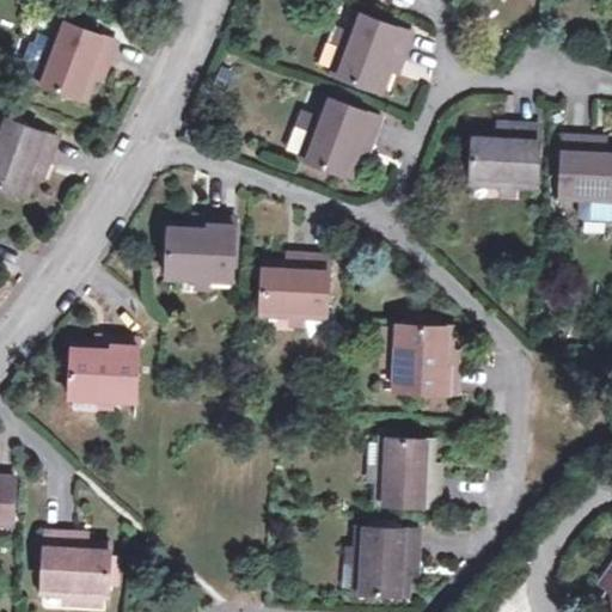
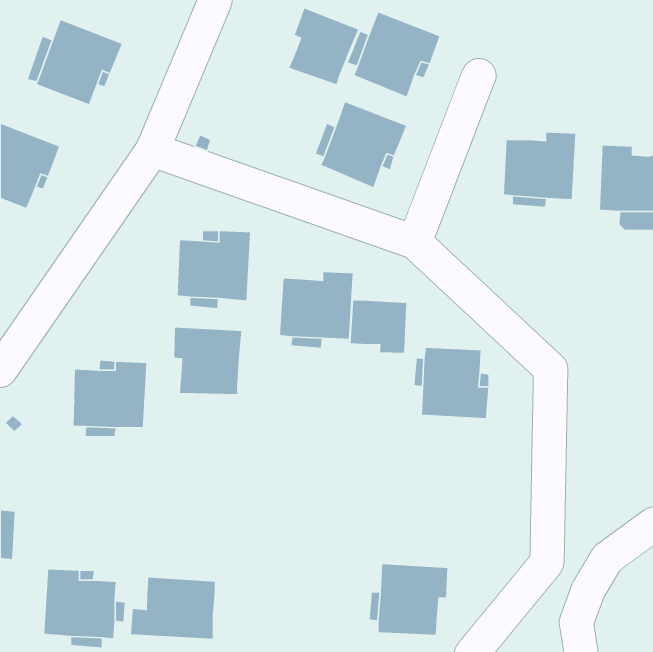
building: none -> [288,8,359,85]
building: none -> [350,300,407,354]
building: none -> [173,327,242,395]
building: [377,437,440,507] -> none
building: none -> [130,577,215,640]

